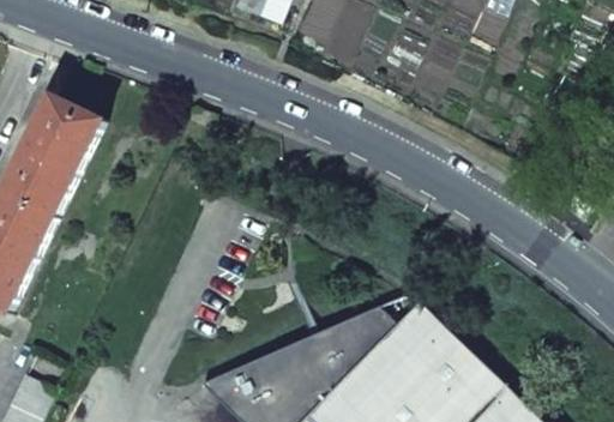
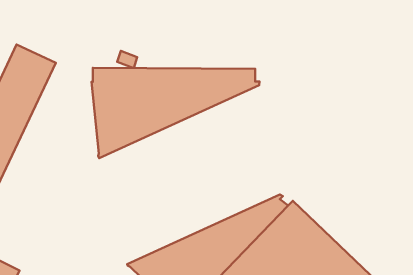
building: none -> [92,68,259,158]

